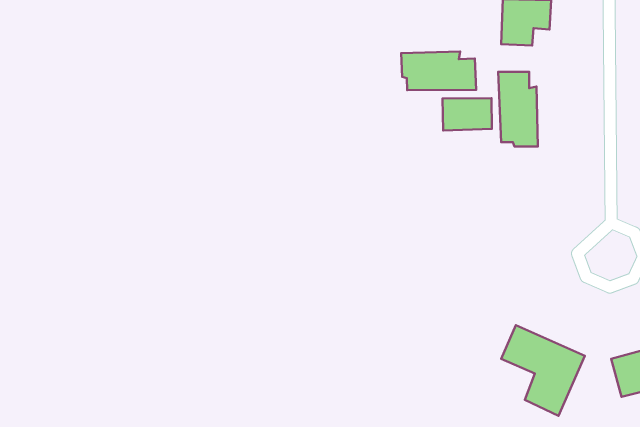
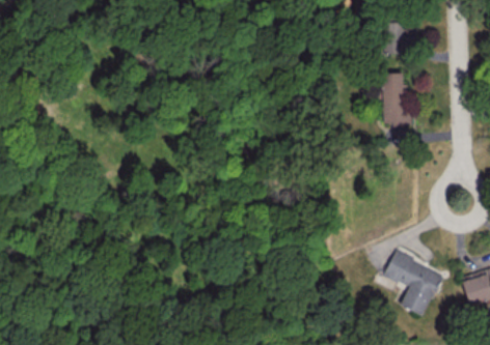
building: [401,52,476,90] -> none
building: [442,98,492,130] -> none

